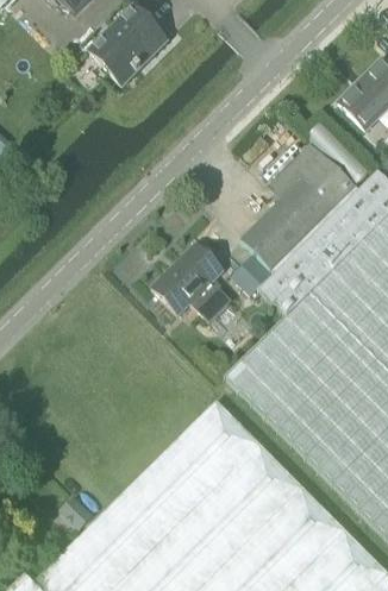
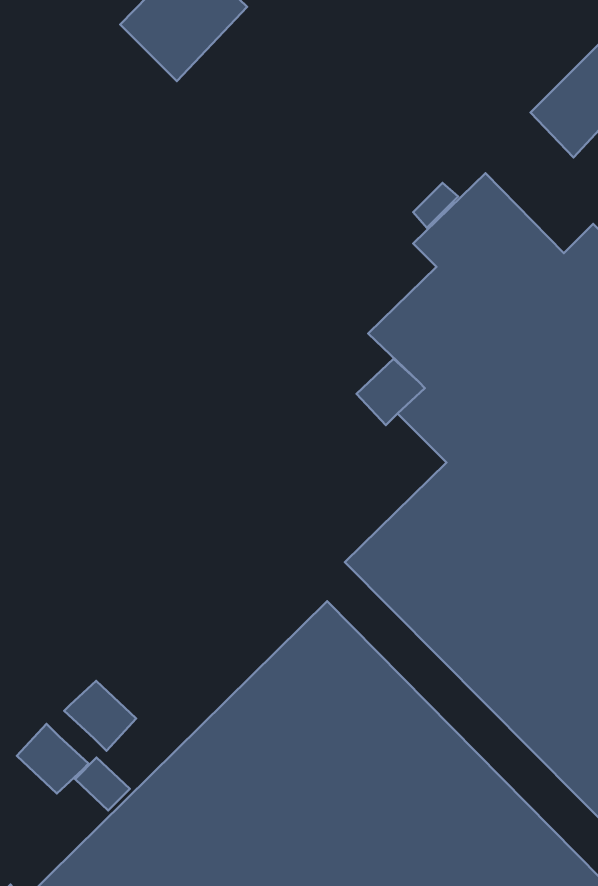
building: [151,243,230,320] -> none
building: none -> [64,681,136,751]
building: none -> [17,724,89,793]

